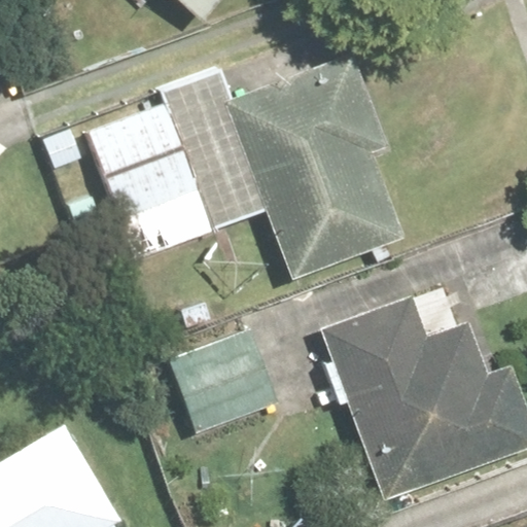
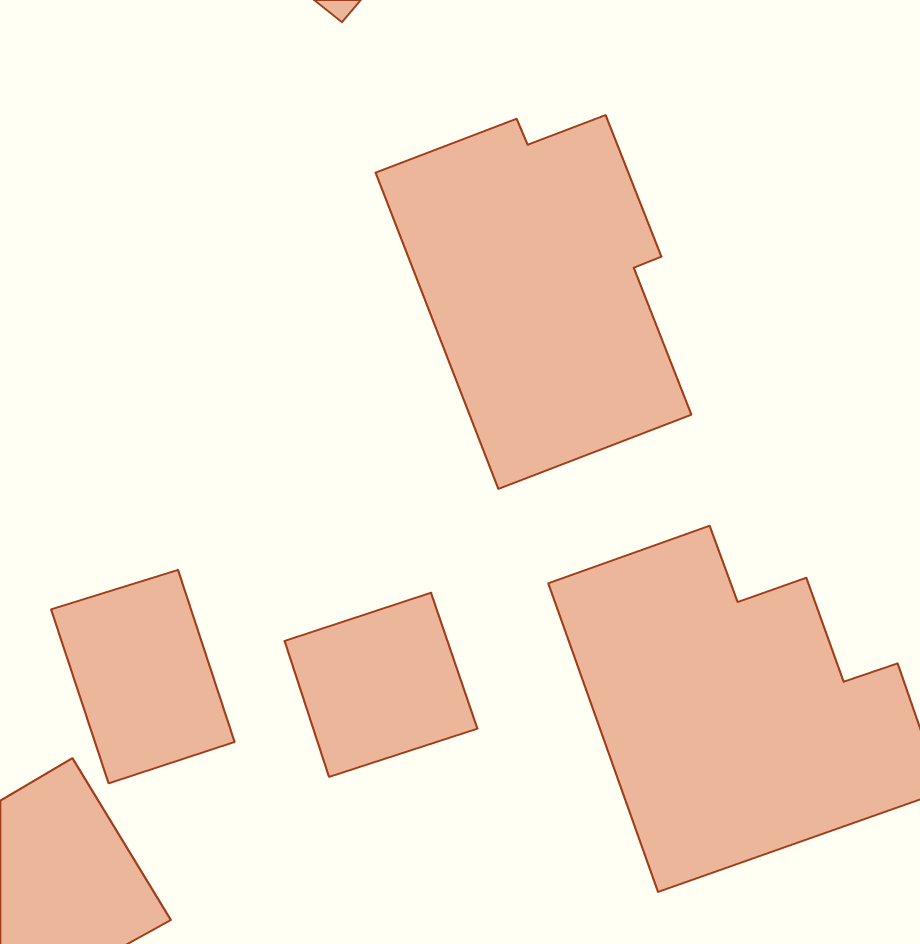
building: [95,104,218,259] -> none
building: none -> [51,570,234,783]

